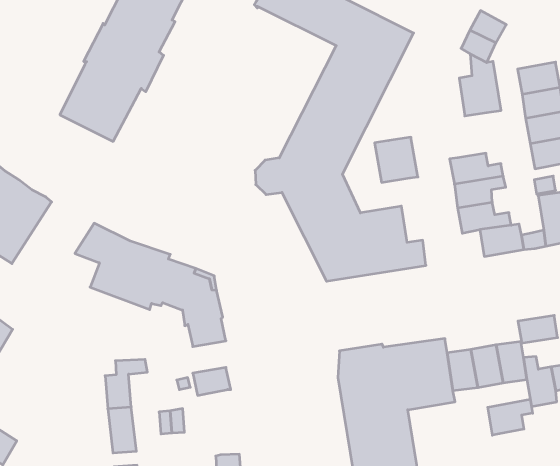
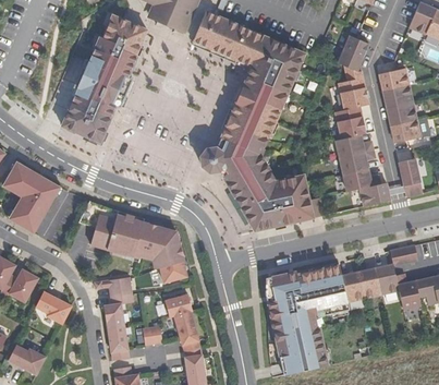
building: [375,137,418,182] -> [334,107,366,140]
building: none -> [95,277,132,296]
building: none -> [37,290,72,323]
building: none -> [174,311,200,352]
building: [488,399,533,435] -> none

